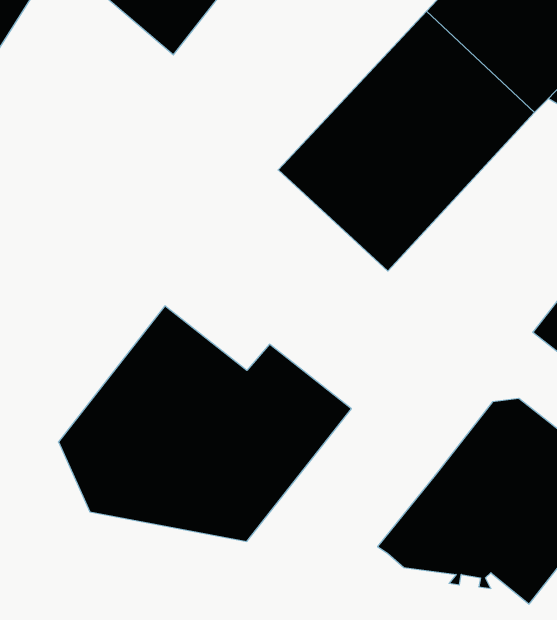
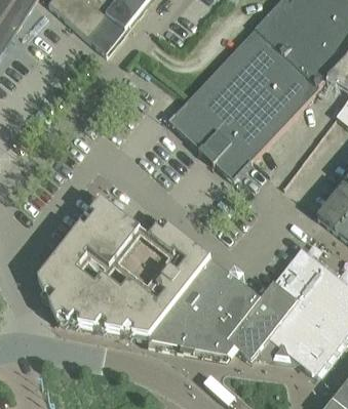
building: none -> [150,259,261,353]

